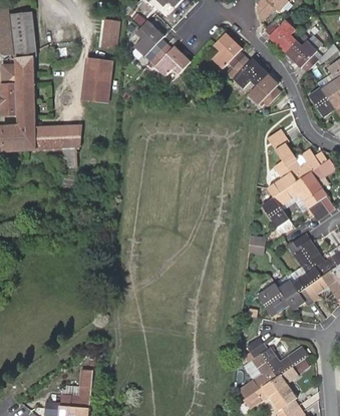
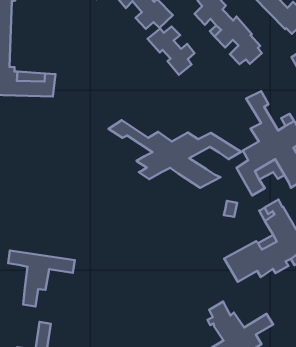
building: [81,58,110,101] -> none
building: none -> [147,27,195,75]
building: none -> [108,120,241,188]
building: none -> [8,250,75,306]

